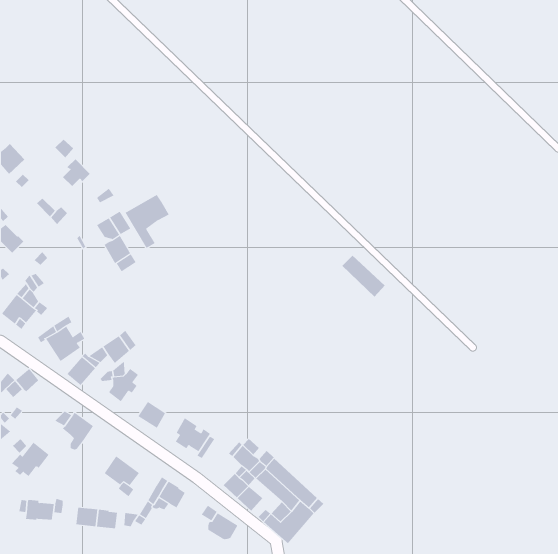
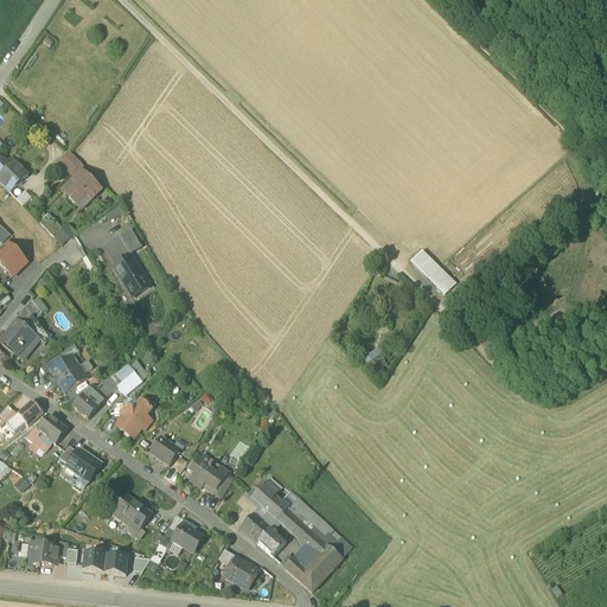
building: [125,194,170,249] -> none
building: [342,255,385,298] -> [407,249,454,295]
building: [11,442,49,477] -> [26,414,68,452]

